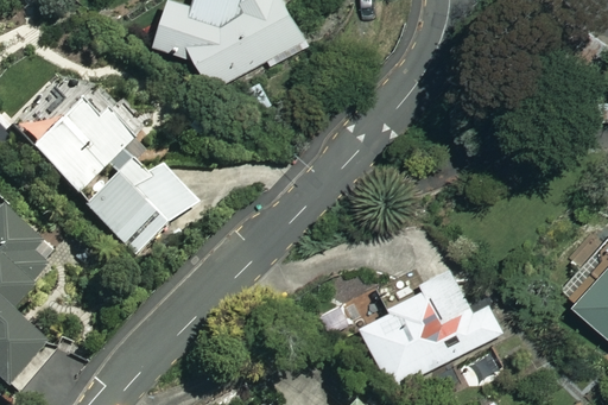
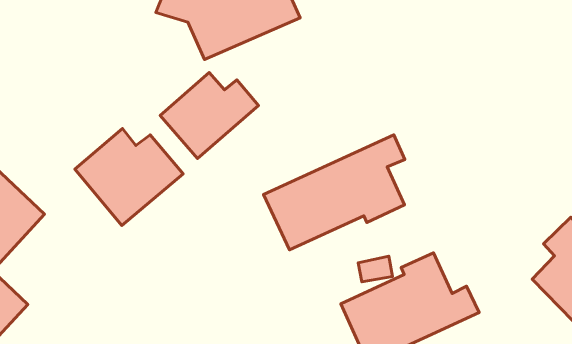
building: [34,103,134,191] -> [160,73,259,158]
building: none -> [264,135,405,250]

